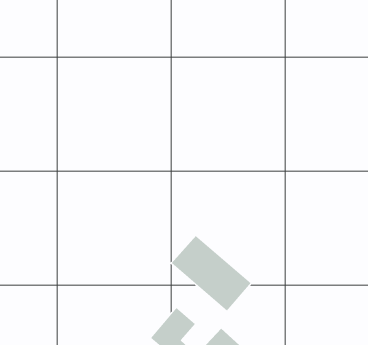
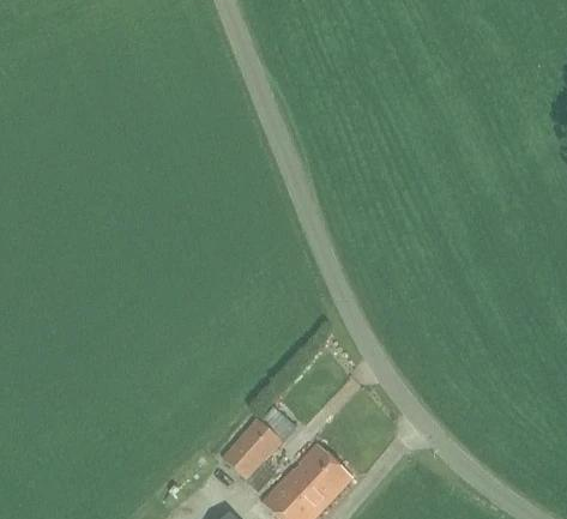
building: [171,235,252,312] -> none

